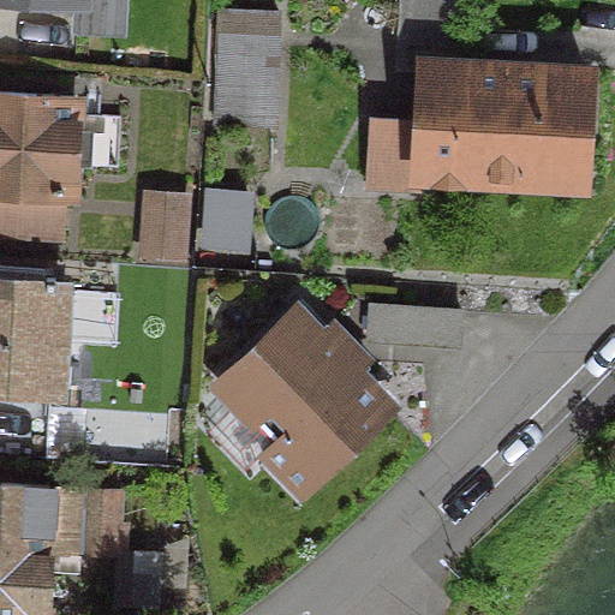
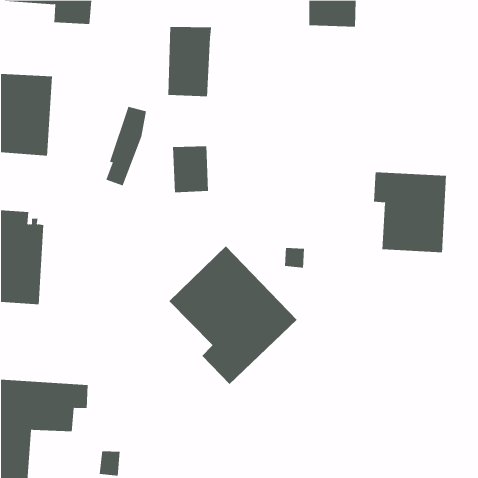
building: [364,71,585,192] -> none
building: none -> [373,172,446,253]

